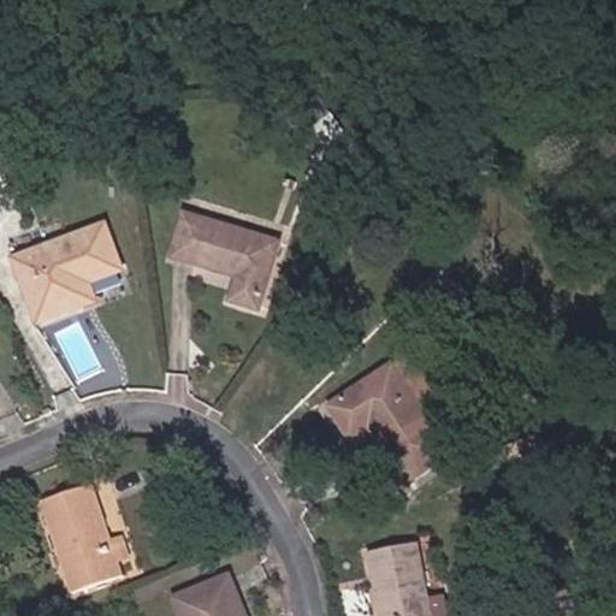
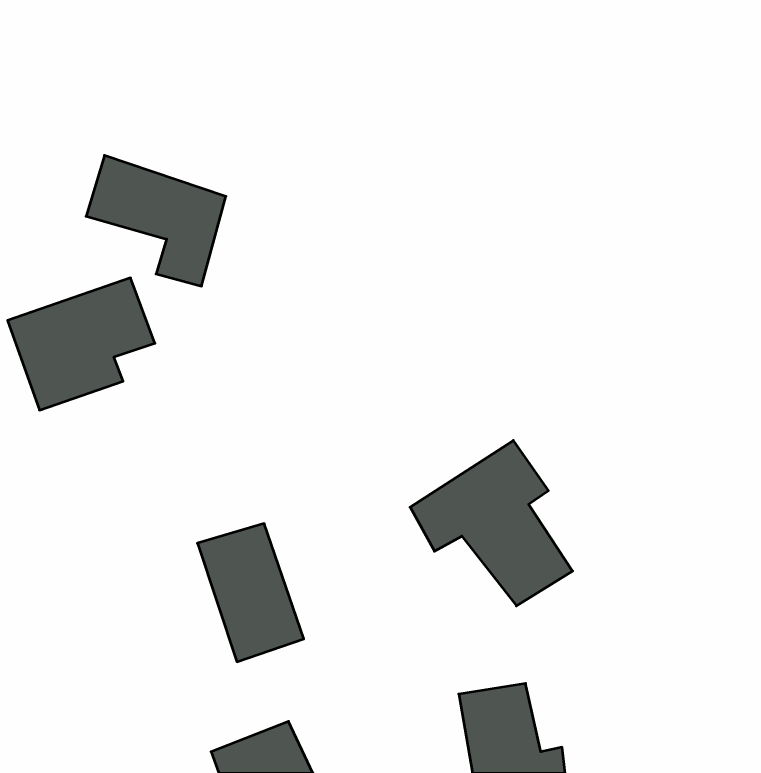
building: [170,209,280,313] -> [86,155,226,286]
building: [36,485,120,594] -> [197,524,304,662]

